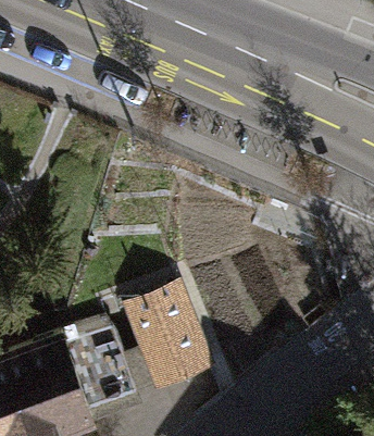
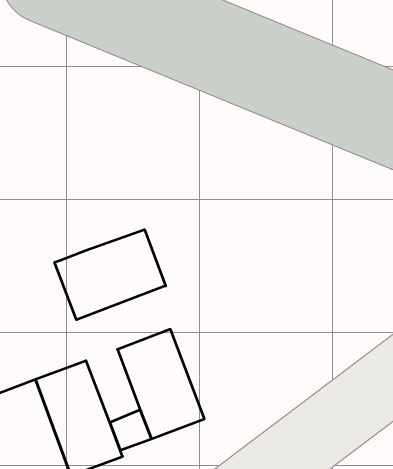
building: none -> [55,230,166,320]

